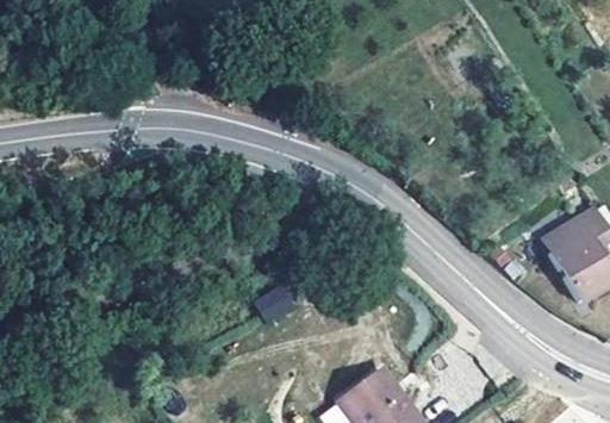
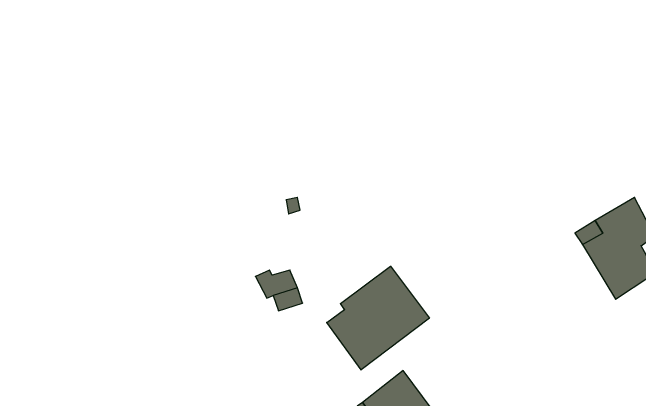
building: none -> [327,266,429,370]

